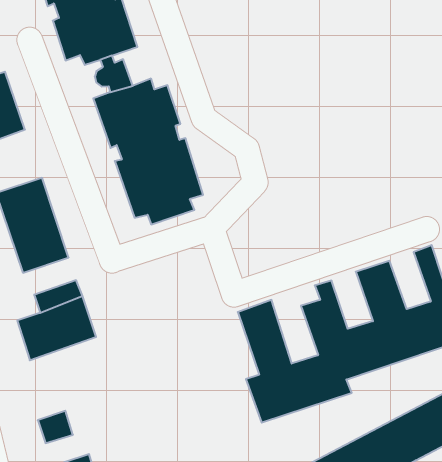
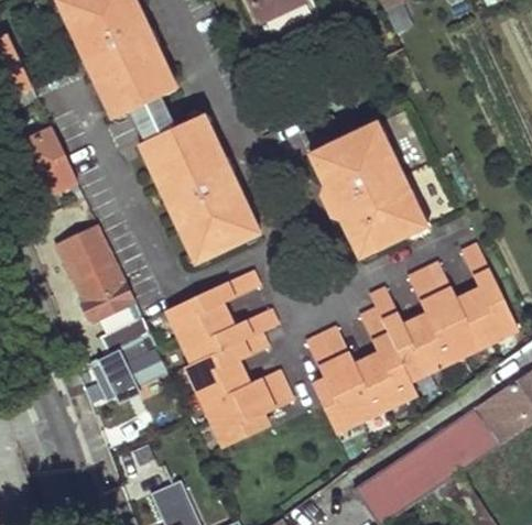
building: none -> [311,127,423,250]
building: none -> [169,270,295,448]

